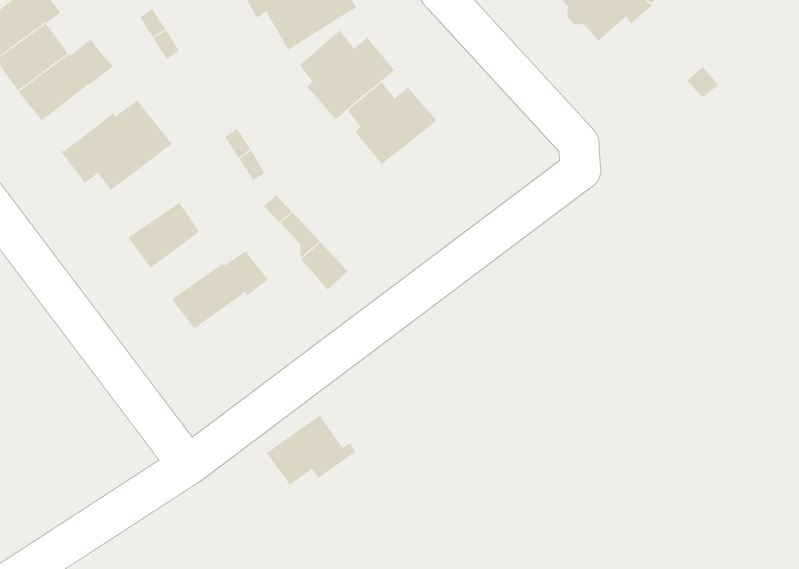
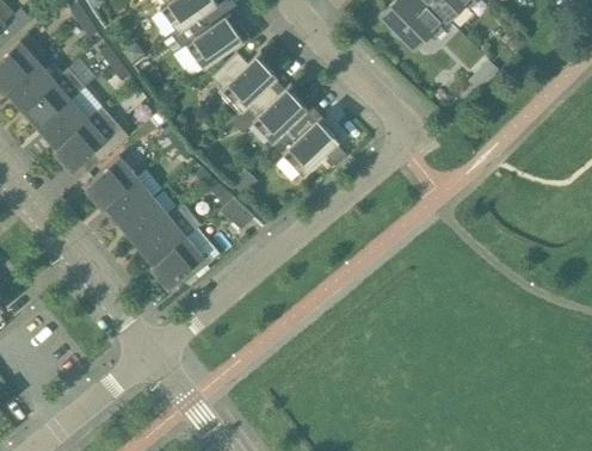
building: none -> [38,99,87,147]
building: none -> [272,117,338,174]
building: none -> [84,155,136,206]
building: none -> [119,196,168,243]
building: [266,414,357,486] -> [149,235,211,285]

